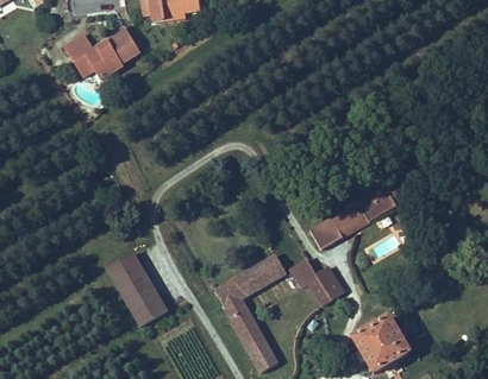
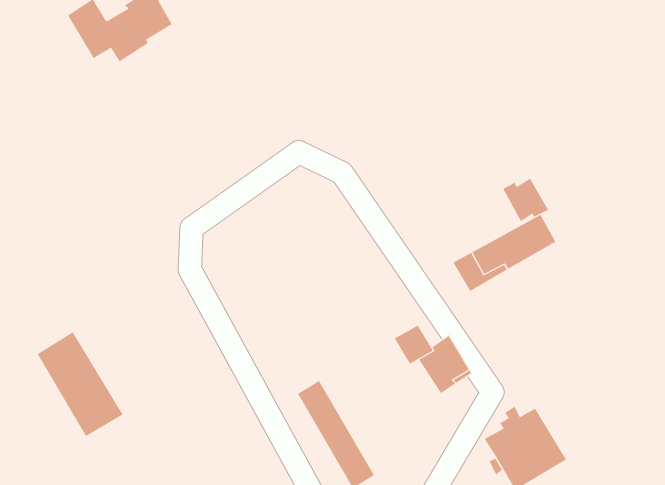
building: none -> [502,178,549,222]
building: [309,216,343,249] -> none
building: [107,253,167,326] -> [37,332,123,437]
building: [214,255,286,307] -> none

